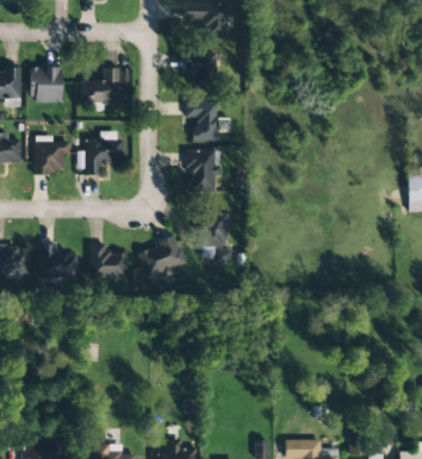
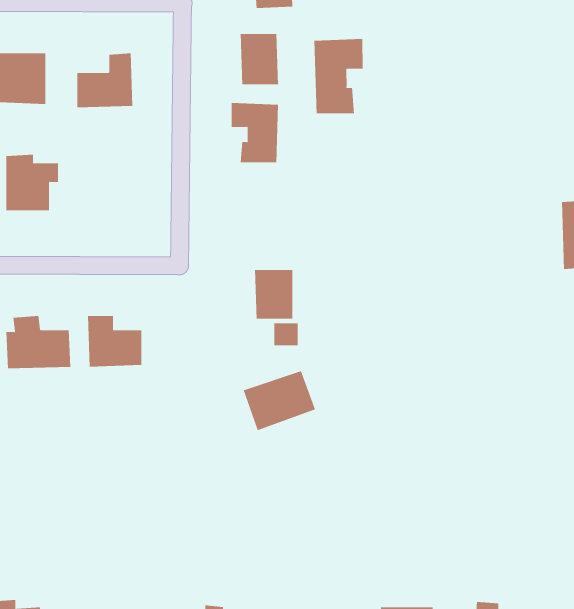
building: none -> [314,38,363,114]
building: [76,131,120,173] -> none
building: [185,149,221,191] -> none
building: [137,237,186,278] -> [243,370,316,431]

